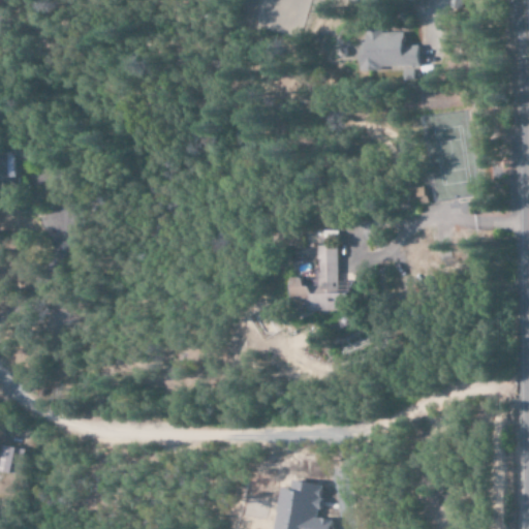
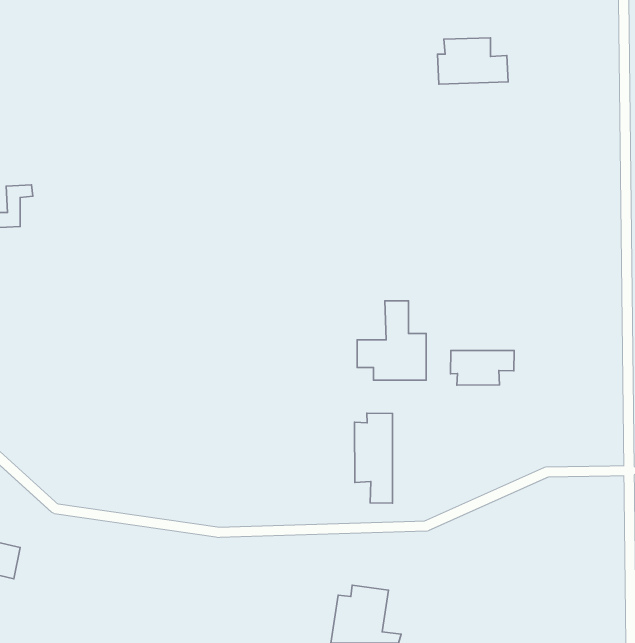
building: none -> [451,351,514,385]
building: none -> [354,413,393,503]

